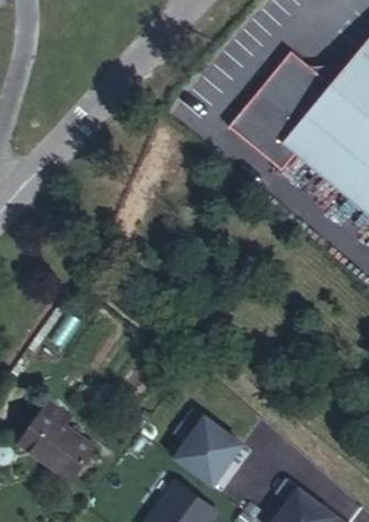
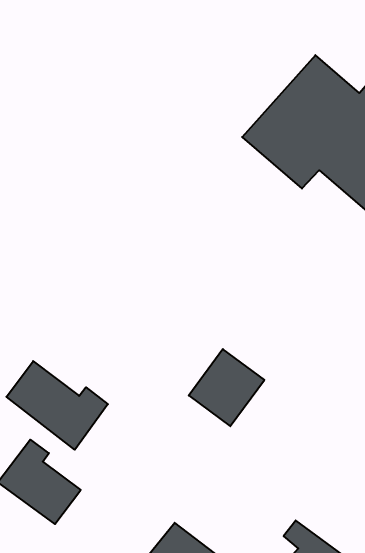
building: none -> [6,361,108,450]
building: [176,413,244,483] -> [189,349,264,426]

